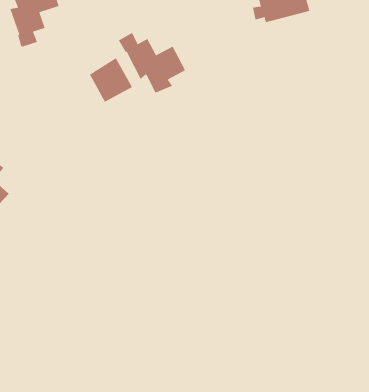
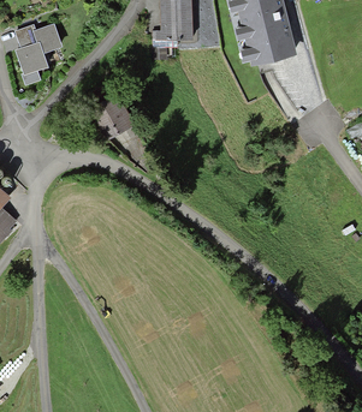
building: [118,32,186,94] -> none

